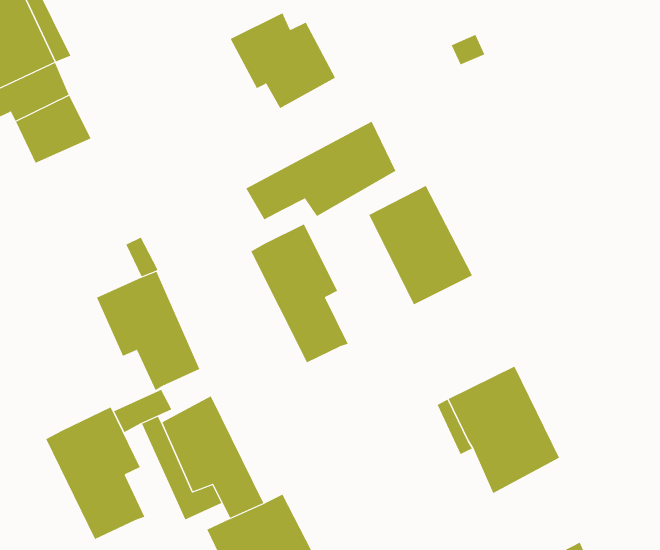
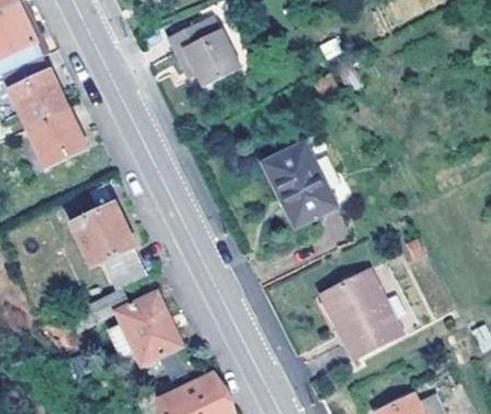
building: [245,121,396,220] -> none
building: none -> [29,108,87,165]
building: [251,223,348,363] -> none
building: [46,406,145,540] -> none

